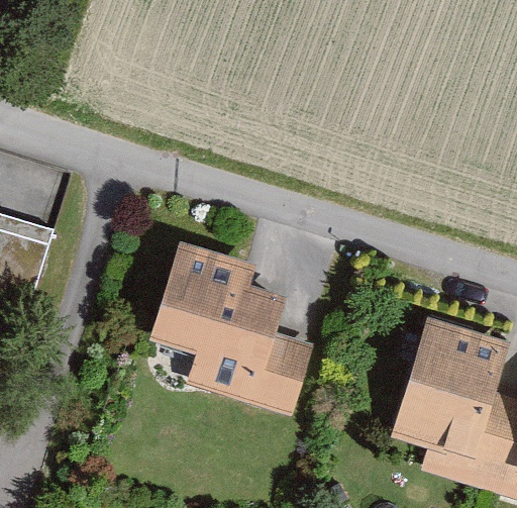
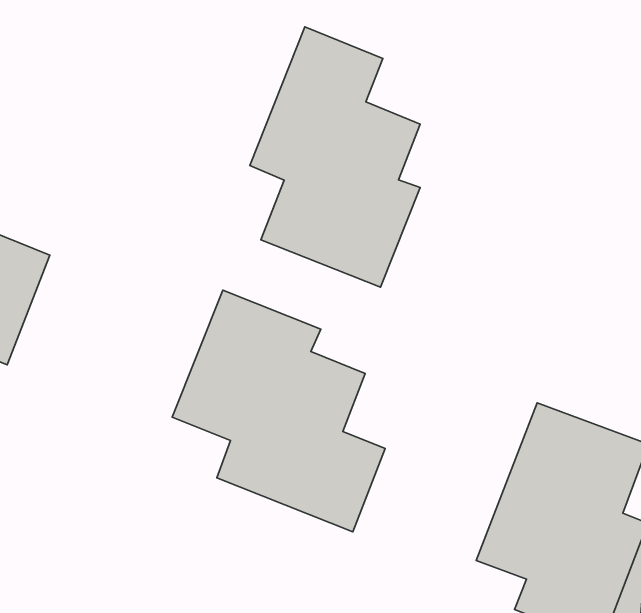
building: none -> [250,27,420,287]

